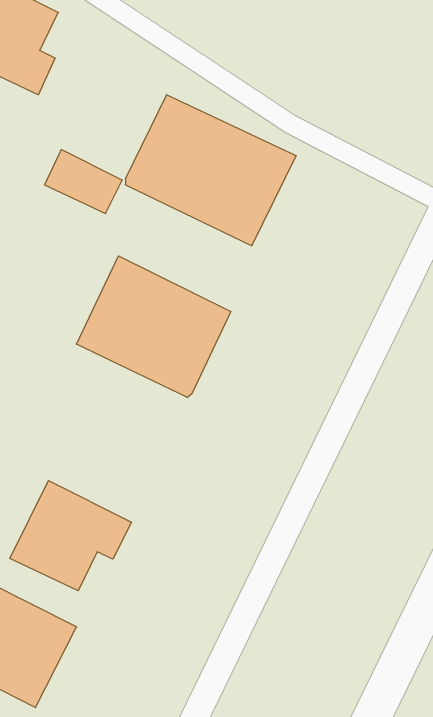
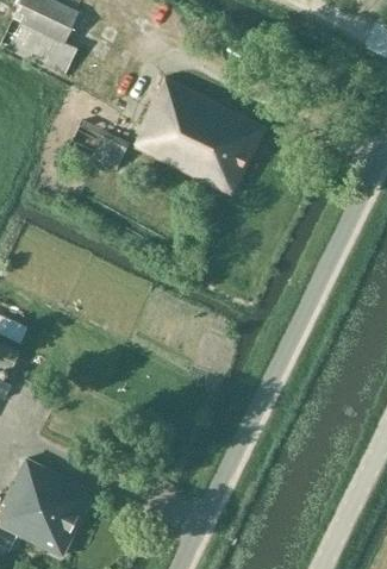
building: [77,256,231,398] -> none
building: [10,481,132,591] -> none

